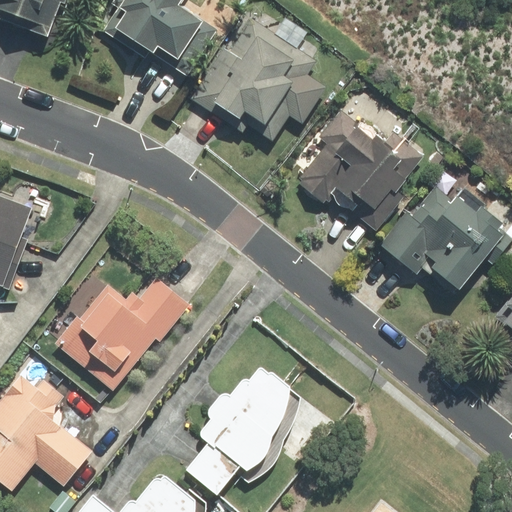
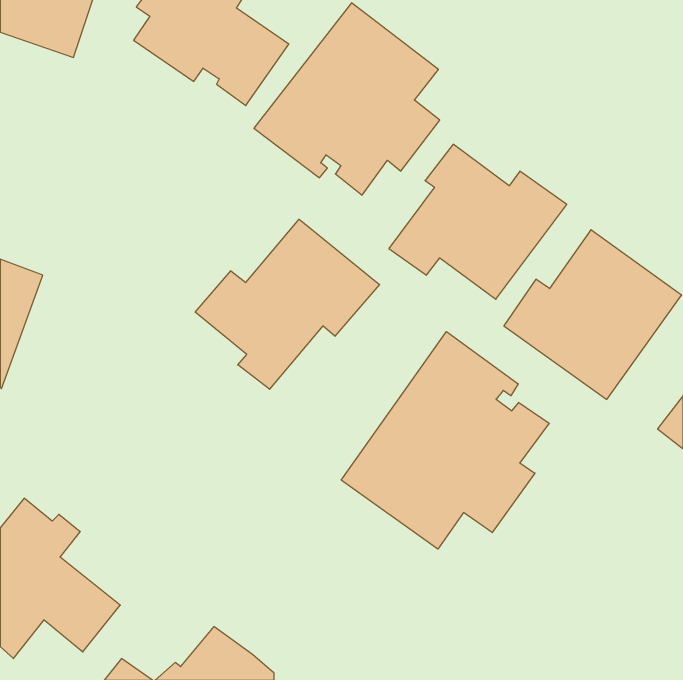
building: none -> [195,219,380,389]
building: none -> [341,332,549,549]
building: [50,274,188,390] -> none
building: [187,365,300,496] -> none

